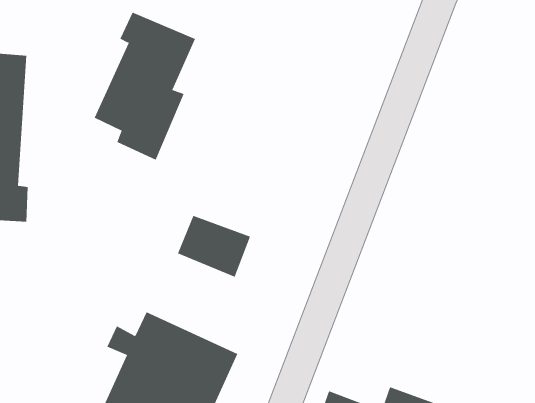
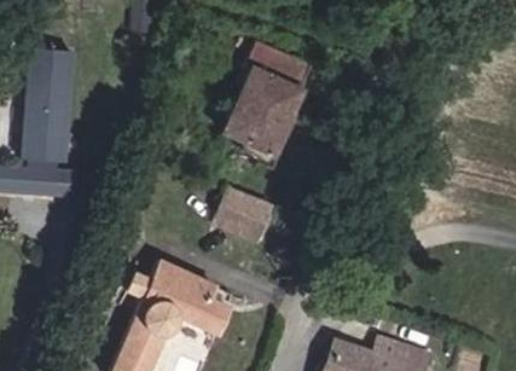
building: [94,12,196,160] -> [220,40,307,167]

